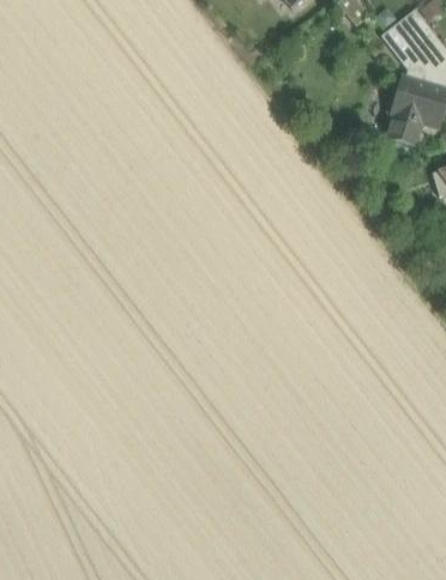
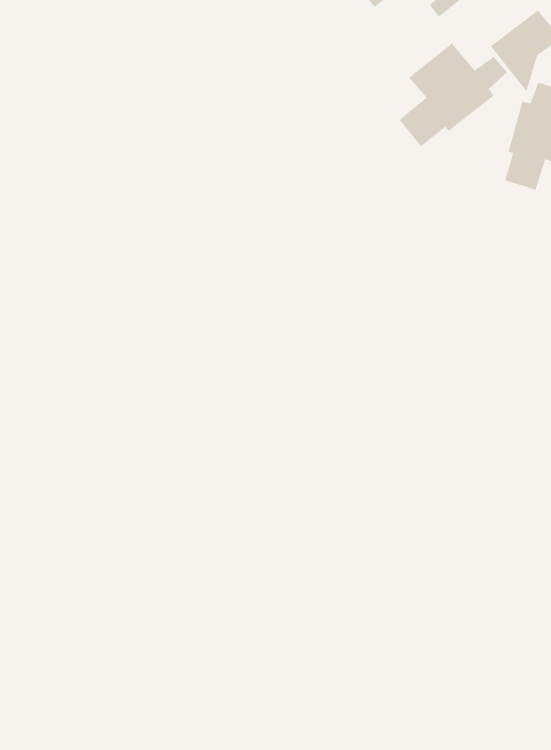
building: none -> [399,42,508,147]

